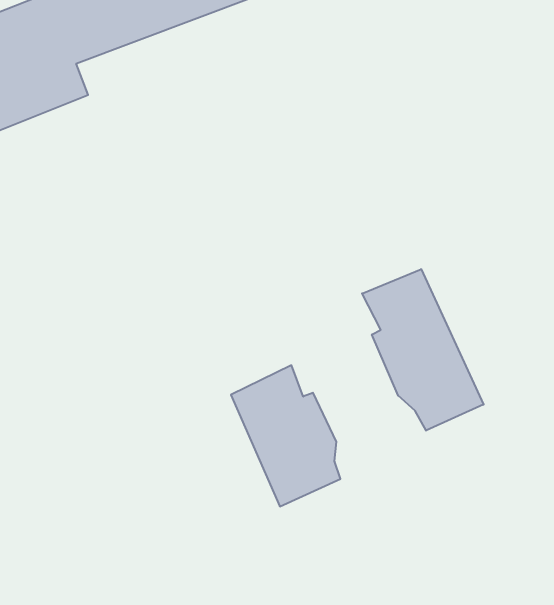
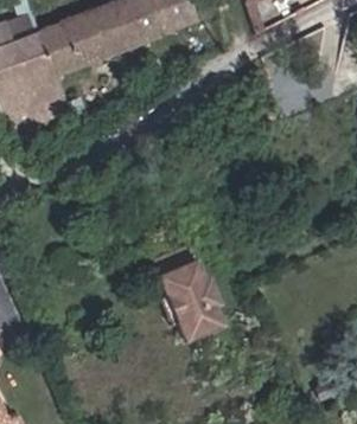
building: [362,269,484,431] -> none

